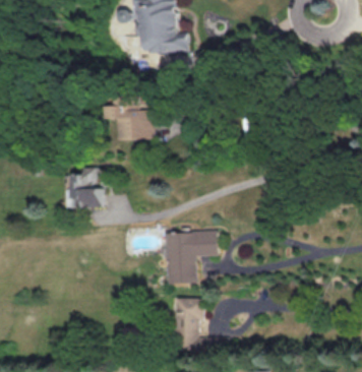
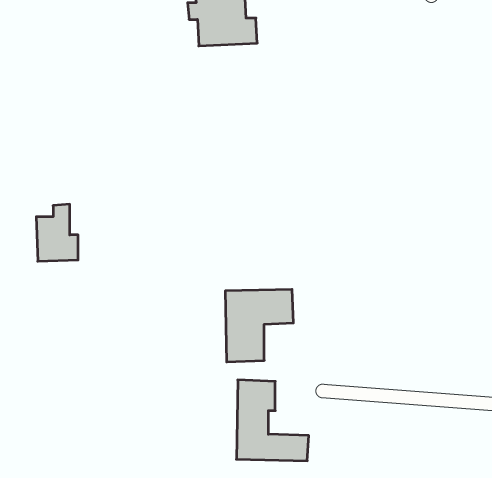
building: [107,99,153,140] -> none
building: [69,166,100,207] -> [36,204,78,261]

